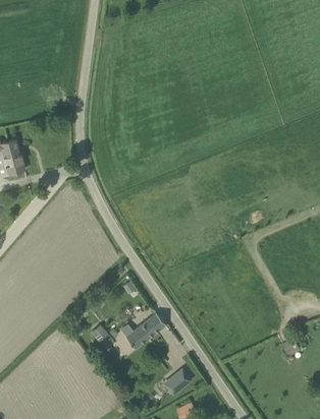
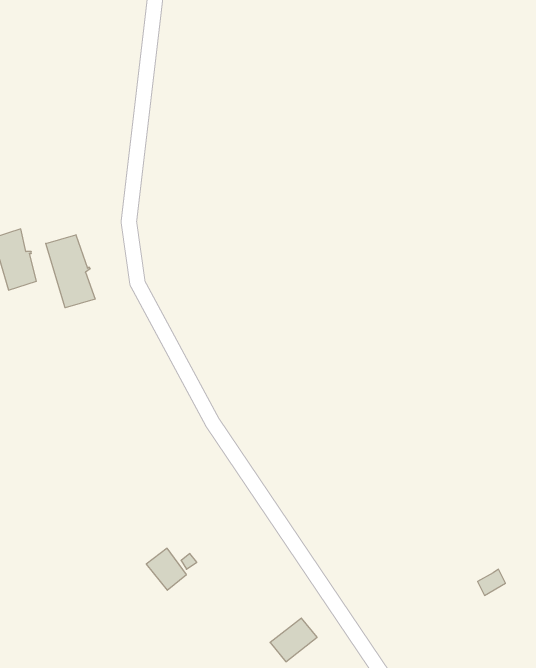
building: none -> [46,235,95,308]
building: [125,313,166,349] -> none

